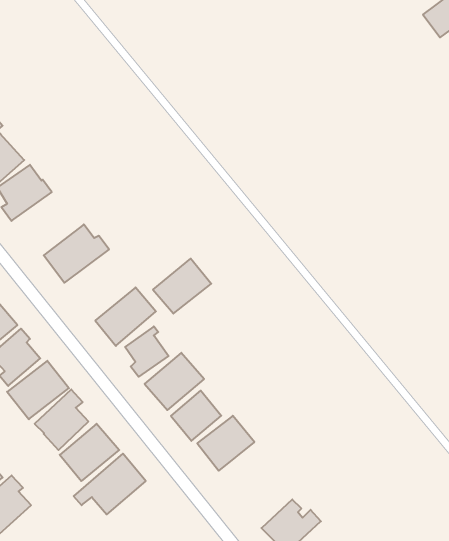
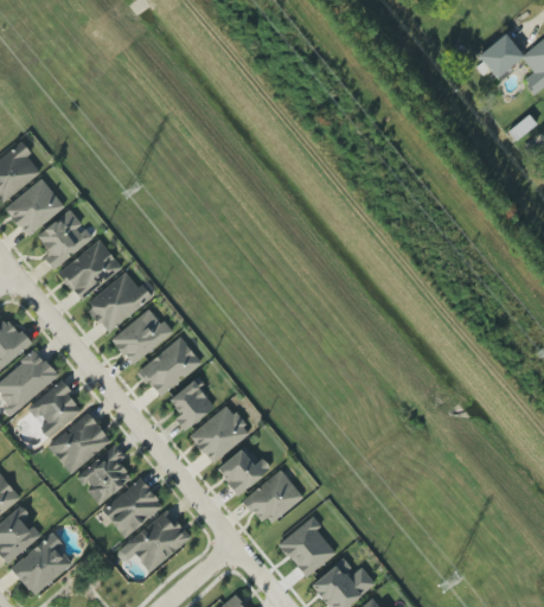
building: none -> [58,238,122,301]
building: [153,259,211,314] -> [111,307,172,364]
building: none -> [279,516,335,577]

